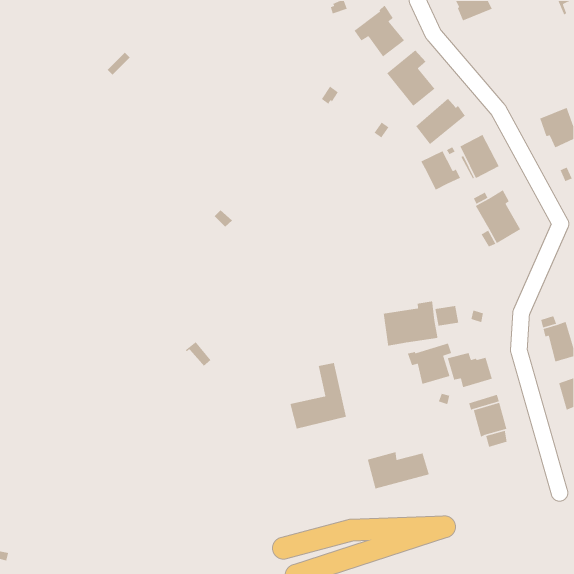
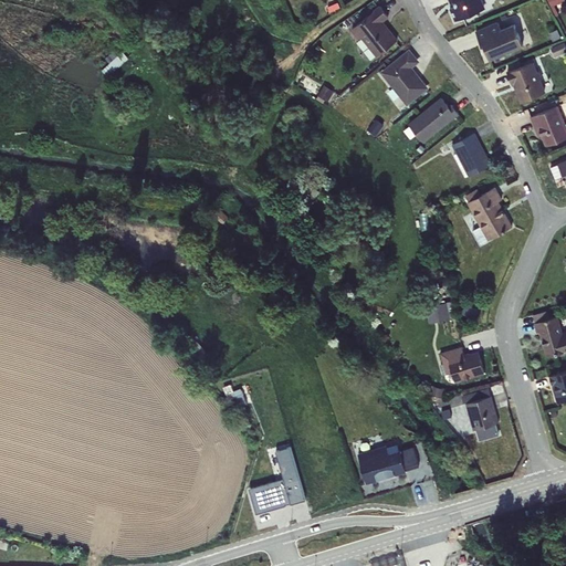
building: none -> [475,22,522,62]
building: none -> [505,63,545,104]
building: [420,150,461,191] -> none
building: [383,300,438,347] -> none
building: [407,343,452,385] -> none
building: [290,362,347,430] -> [250,446,306,512]

